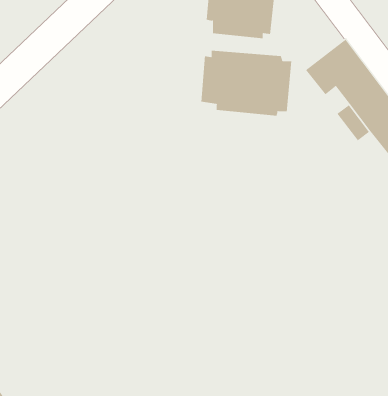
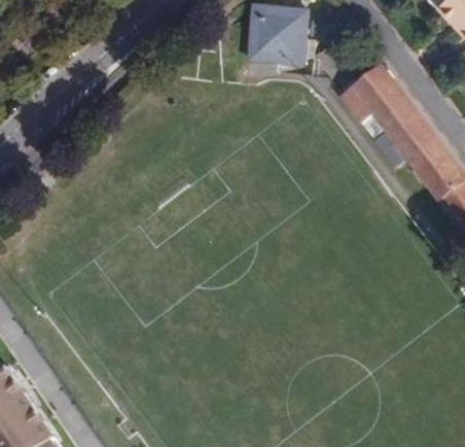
building: [201,50,292,116] -> none

